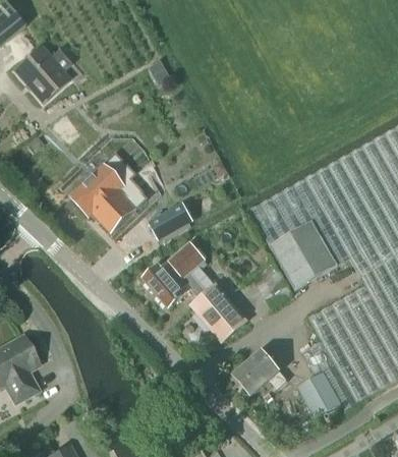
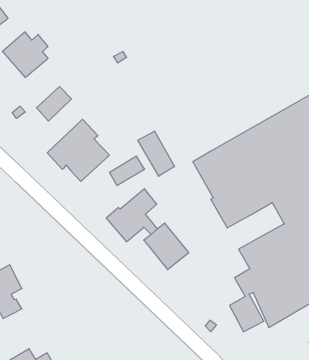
building: none -> [36,87,72,121]
building: none -> [138,131,175,176]
building: [234,345,287,395] -> none

